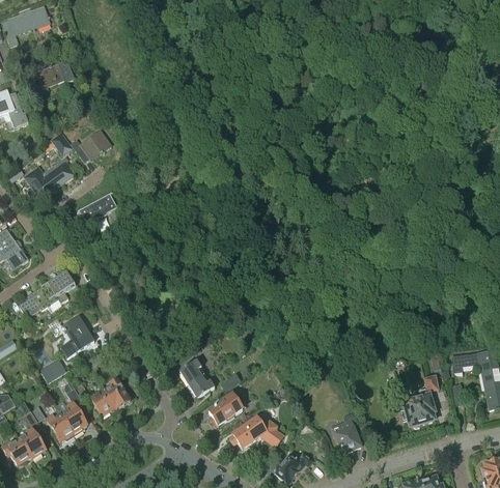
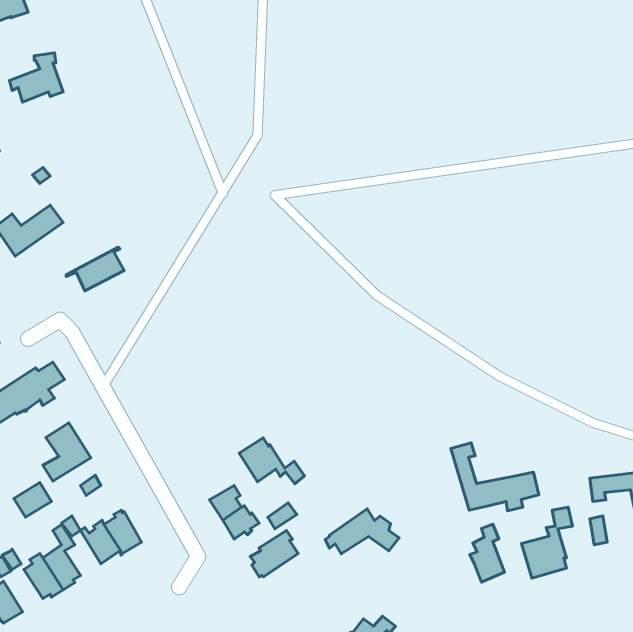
building: [71,130,111,160] -> none
building: none -> [239,438,304,484]
building: none -> [451,443,539,511]
building: [335,412,360,454] -> [470,524,505,582]
building: [229,415,282,448] -> [325,509,399,554]

